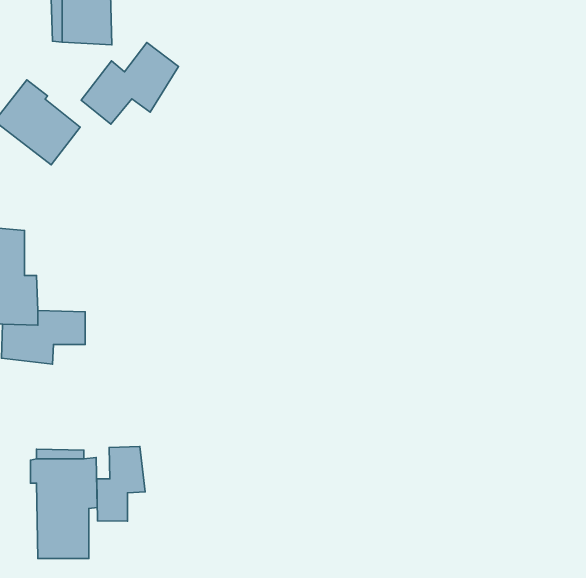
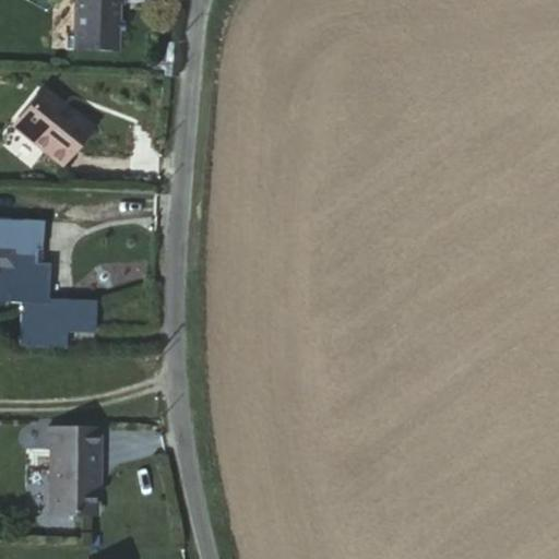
building: [81,42,179,124] -> none
building: [97,447,145,521] -> none

